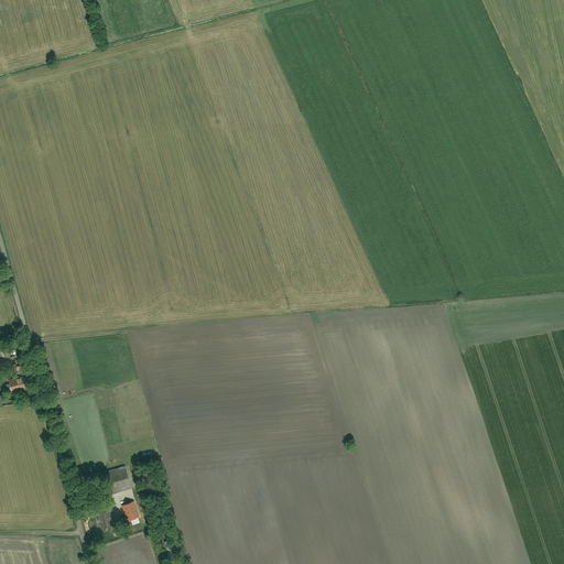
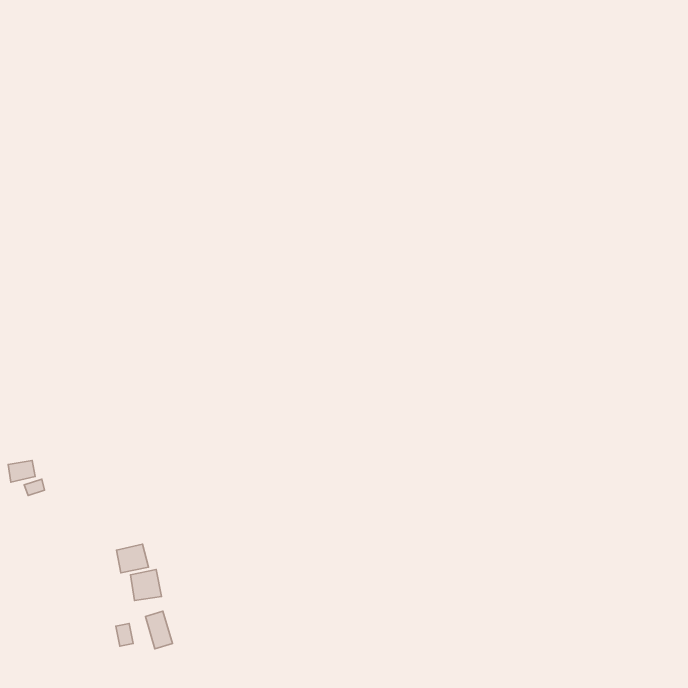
building: none -> [117,544,148,573]

